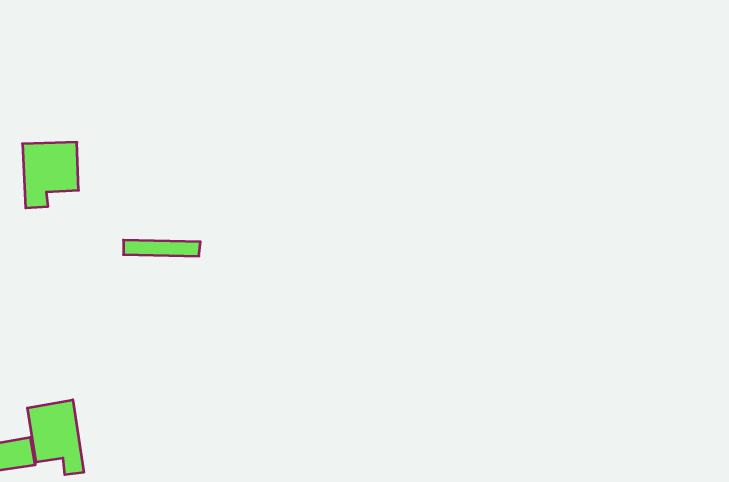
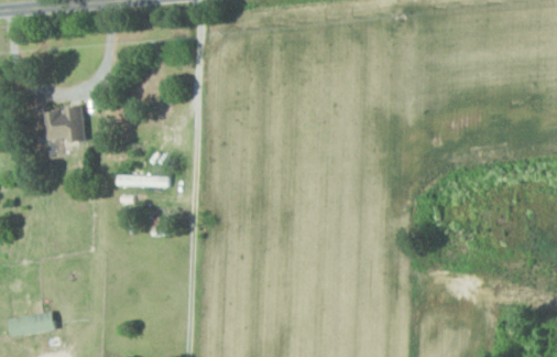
building: [27,400,84,475] -> none

